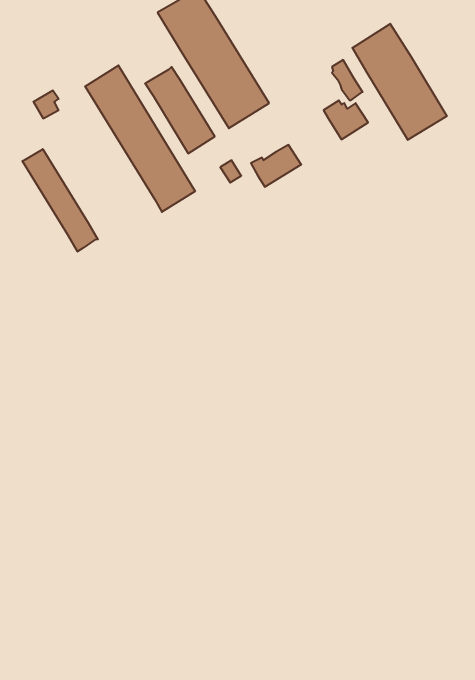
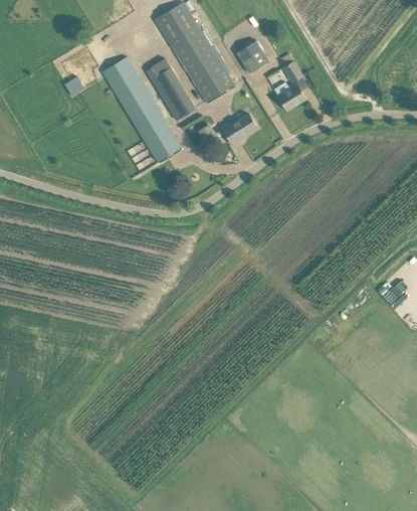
building: [352,24,447,140] -> none
building: none -> [236,39,268,71]
building: [22,149,98,252] -> none

